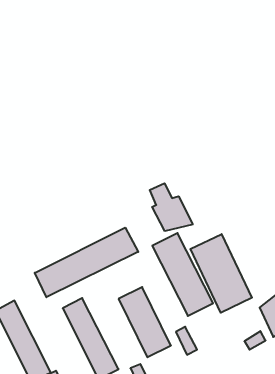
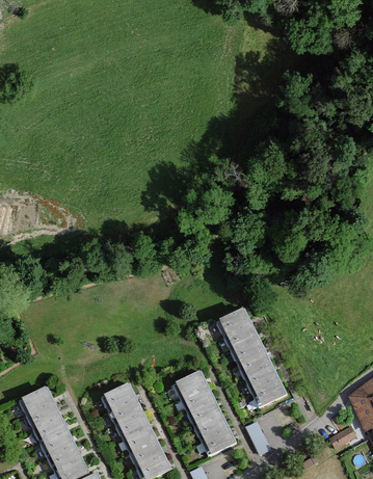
building: [150,183,193,231] -> none
building: [35,228,138,297] -> none
building: [190,234,252,313] -> none

